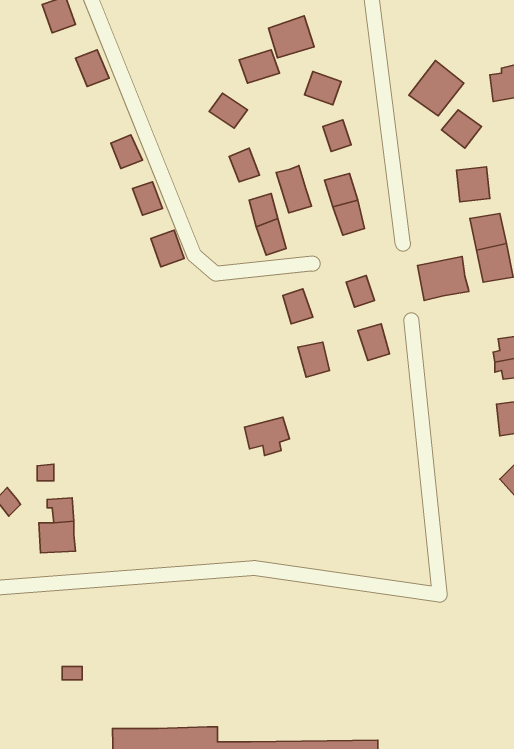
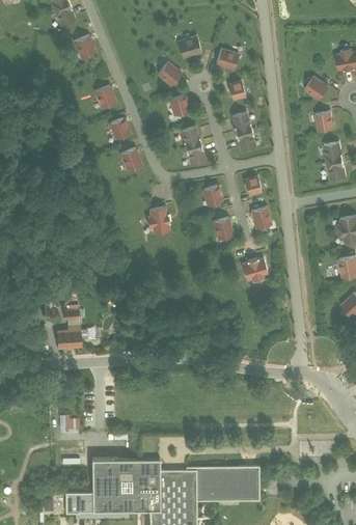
building: [269,16,314,58] -> none
building: [409,60,464,116] -> none
building: [276,166,312,213] -> none
building: [418,256,469,300] -> none
building: none -> [148,209,169,233]
building: [244,417,289,455] -> [240,258,268,282]

